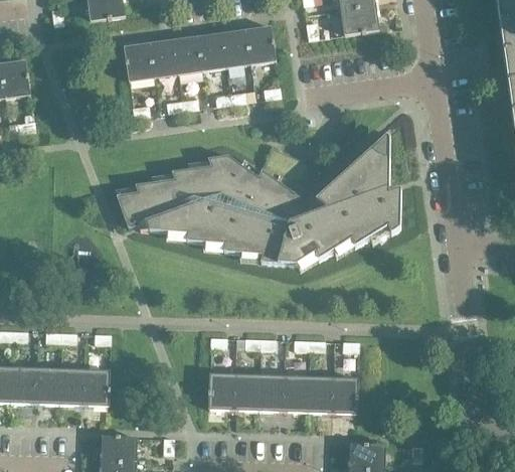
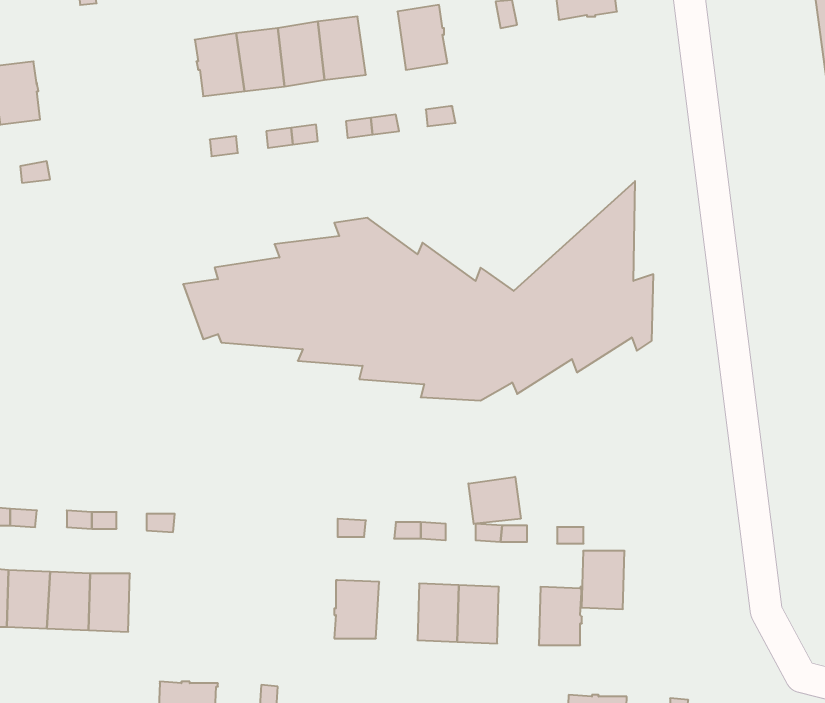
building: [221,29,250,67] -> none
building: none -> [468,477,521,524]
building: [82,369,110,406] -> none
building: [232,374,259,410] -> none
building: [306,377,332,413] -> [581,551,625,609]

